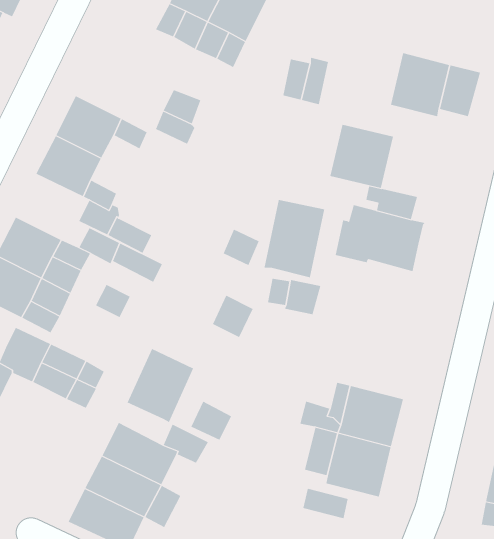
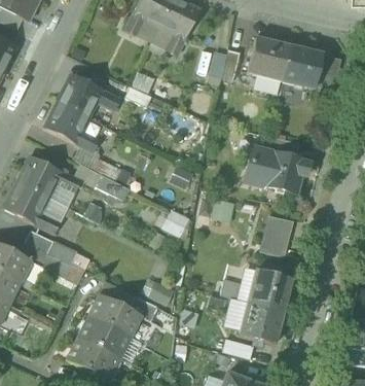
building: [329,124,394,189] -> [248,37,291,80]
building: [264,199,325,278] -> none
building: none -> [261,214,295,257]
building: [127,348,194,423] -> none

